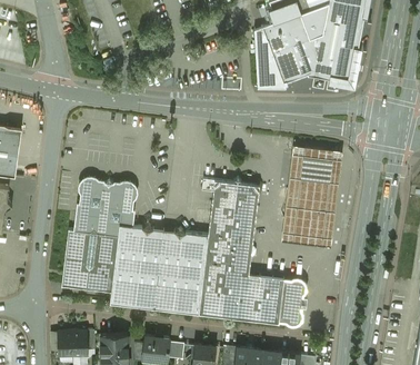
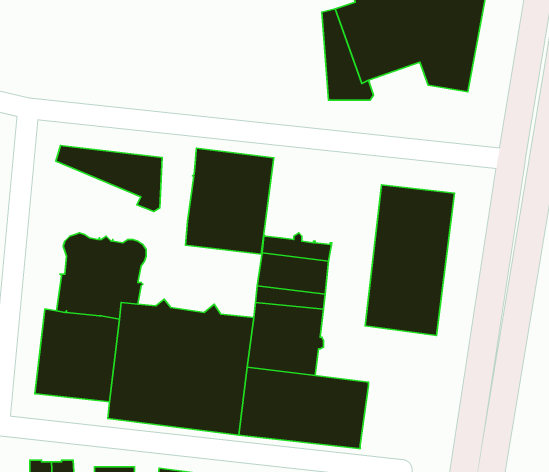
building: none -> [56,145,162,212]
building: none -> [186,148,274,254]
building: [279,280,306,326] -> none

